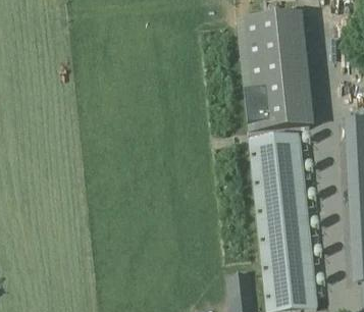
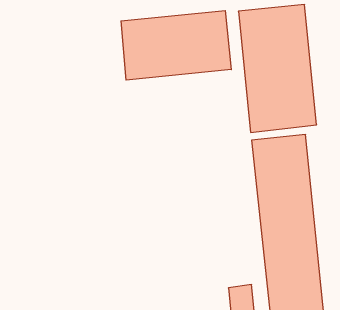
building: none -> [121,11,231,80]

